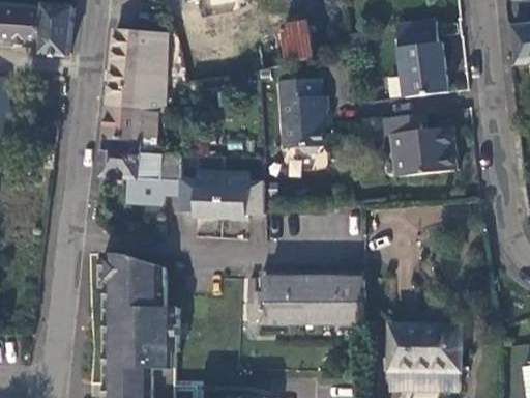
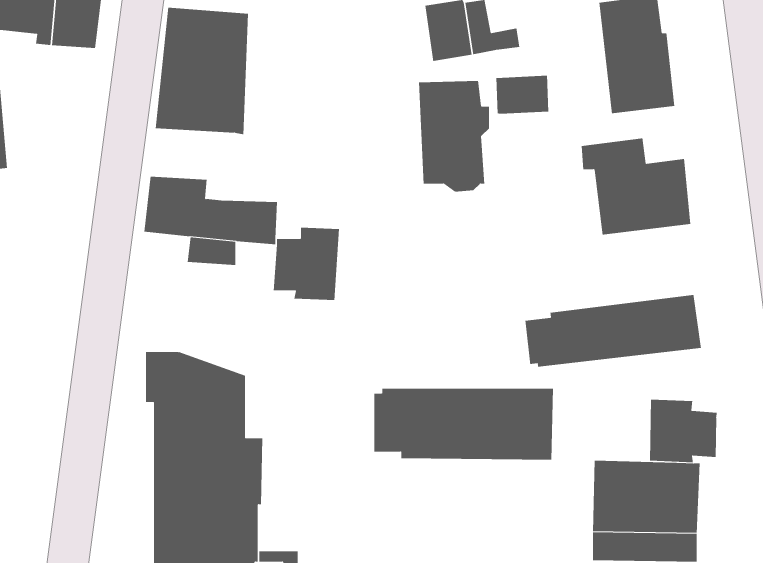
building: none -> [496,75,549,115]
building: [104,107,158,140] -> none
building: [224,172,269,220] -> none
building: none -> [525,294,701,367]
building: none -> [649,399,717,463]

